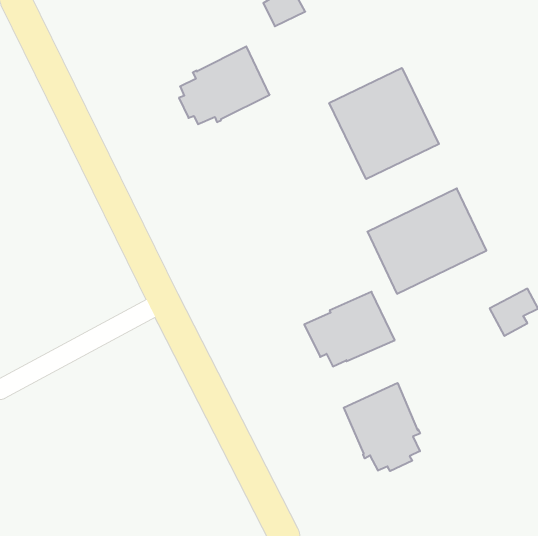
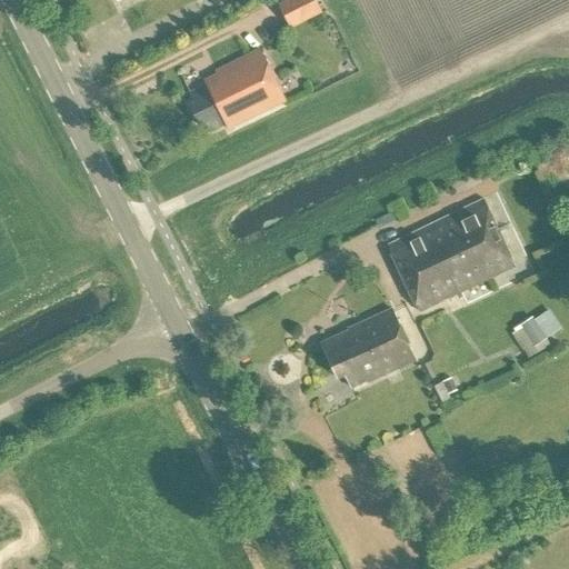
building: [329,68,439,179] -> none
building: [344,383,420,471] -> none

